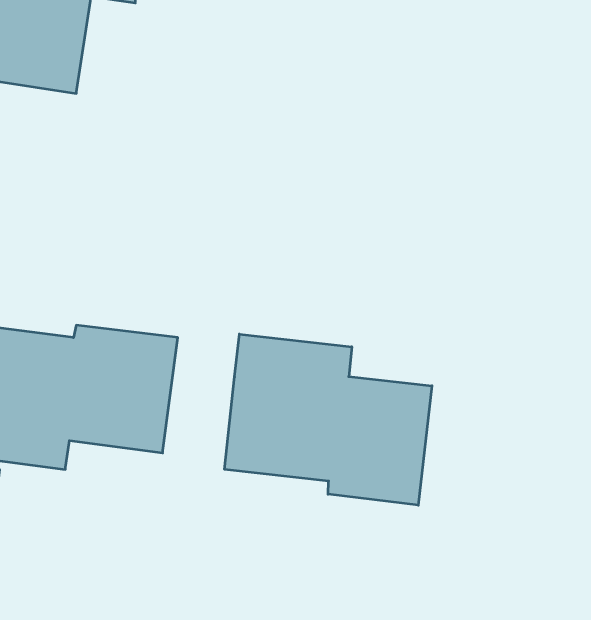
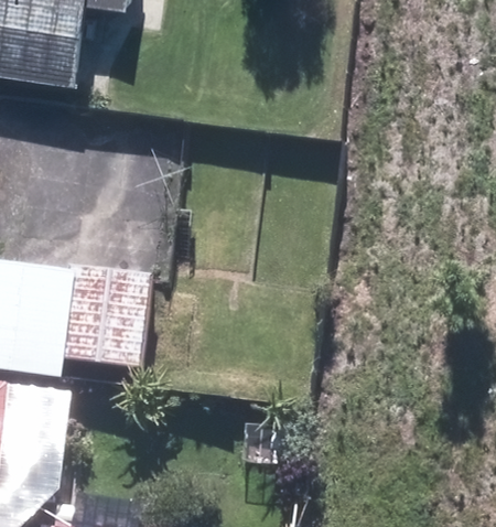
building: [225,334,432,505] -> none

